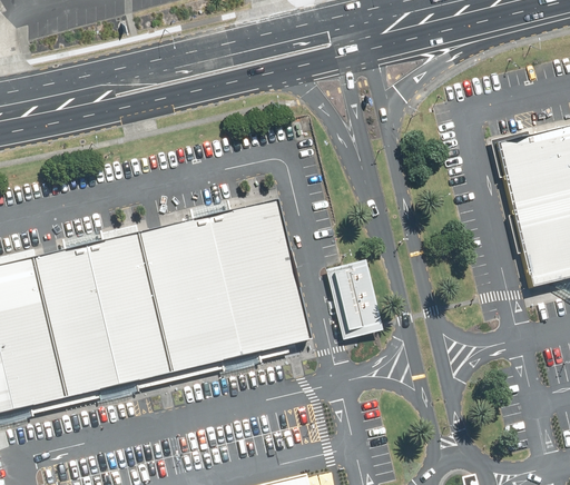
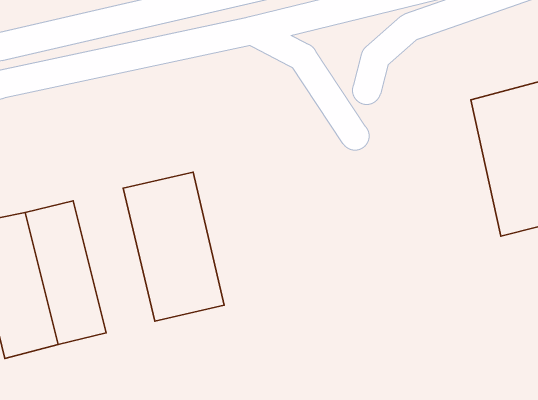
building: [207,200,307,356] -> none
building: [81,234,167,385] -> none
building: [327,260,379,338] -> none

